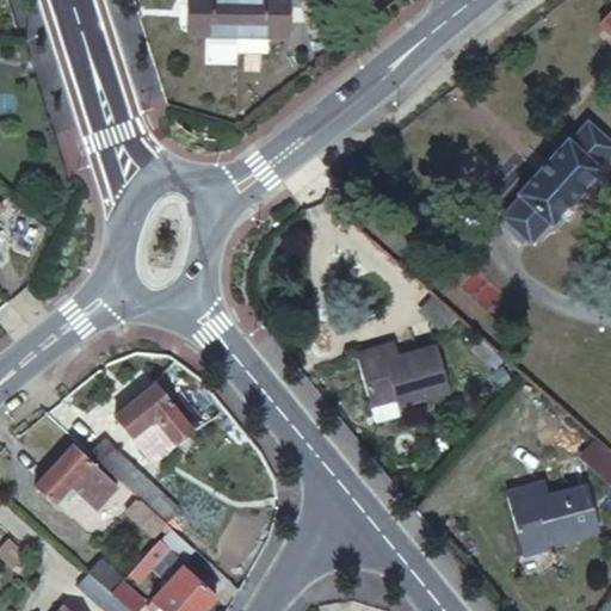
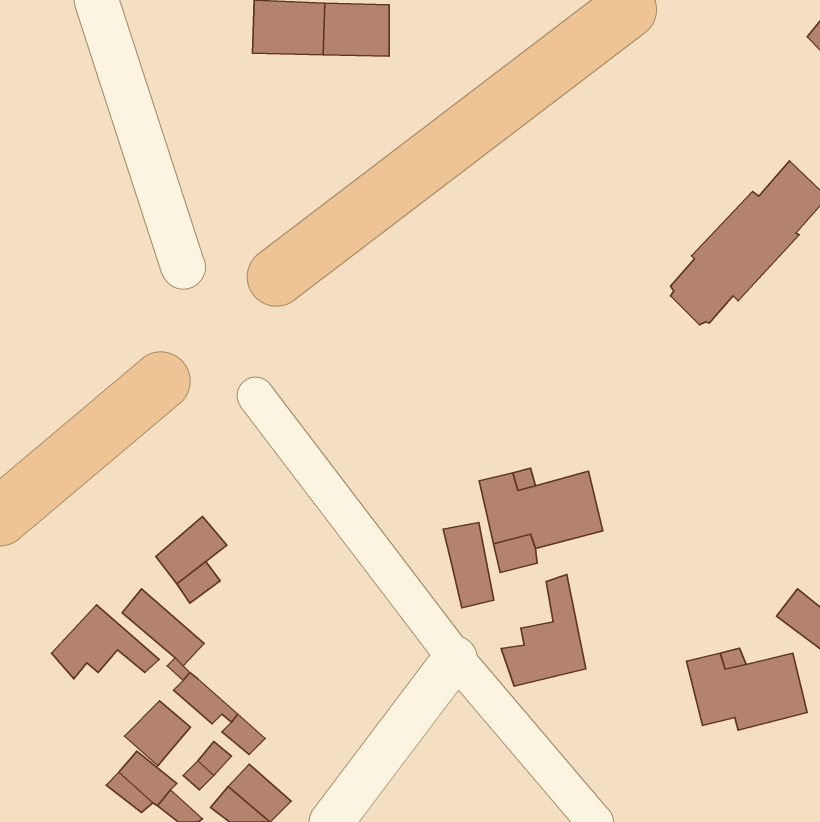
building: none -> [443,523,494,608]
building: none -> [501,574,586,686]
building: none -> [124,701,191,766]

